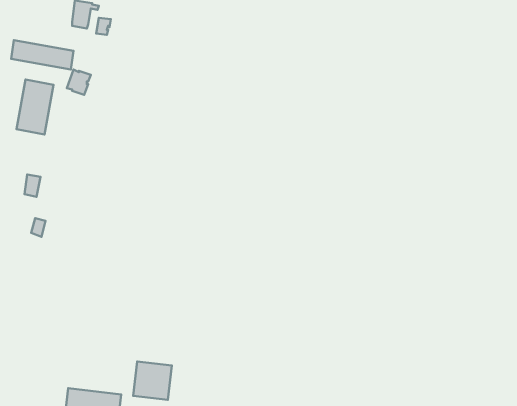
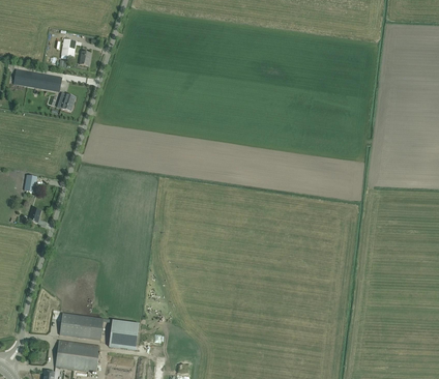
building: [17,79,53,134] -> none
building: none -> [59,312,104,340]

